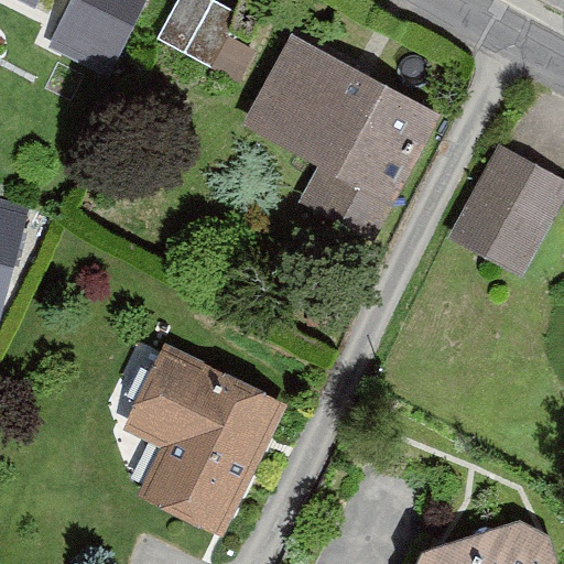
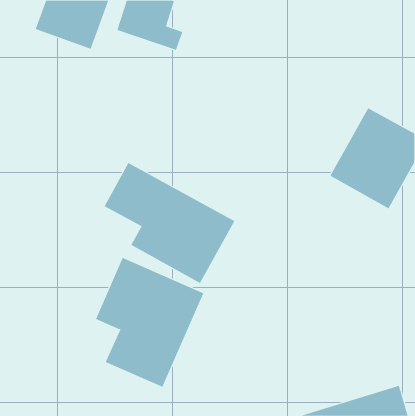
building: [231,25,441,239] -> none
building: none -> [104,162,235,284]

